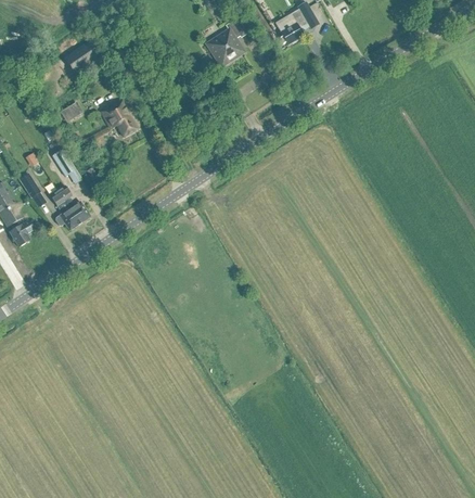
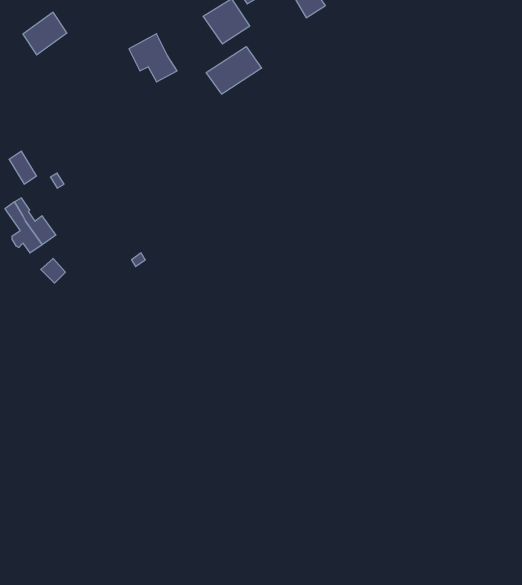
building: none -> [206,47,262,94]
building: [101,98,139,136] -> [129,34,177,82]

